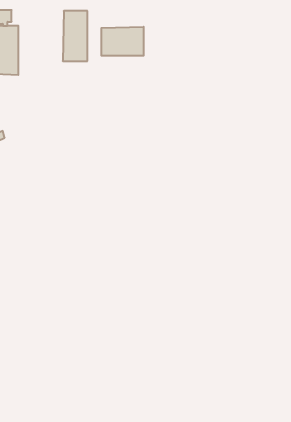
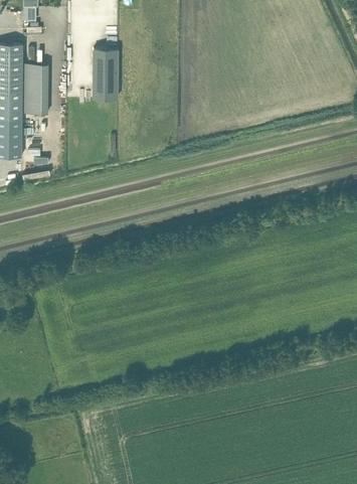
building: [101,27,144,56] -> none

